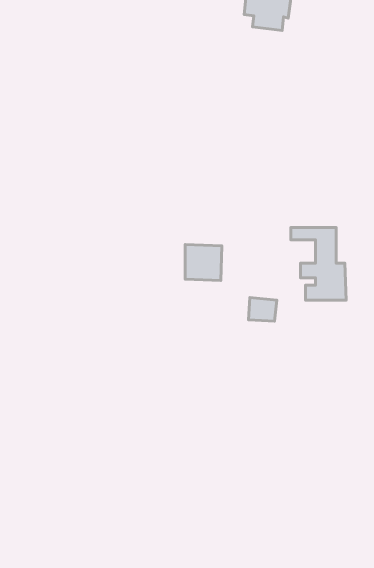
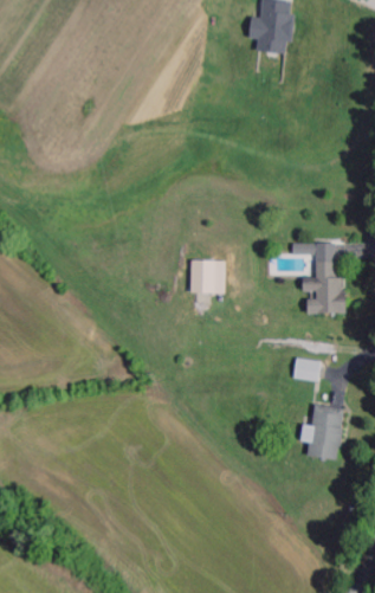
building: [249,298,277,321] -> [293,357,321,380]
building: none -> [299,404,344,460]

